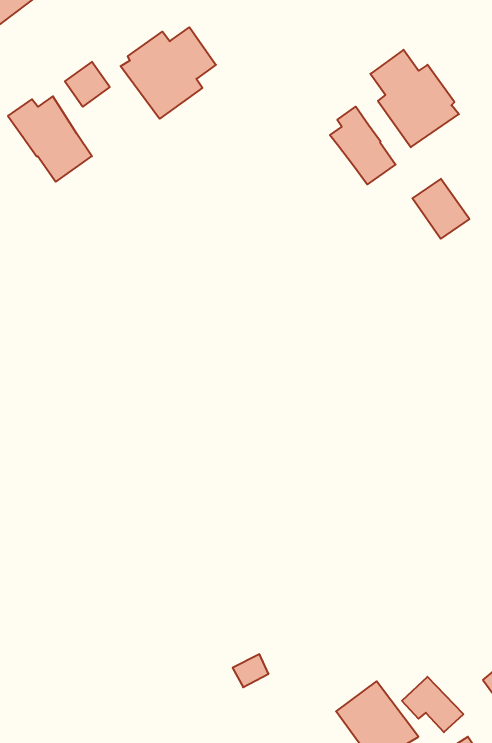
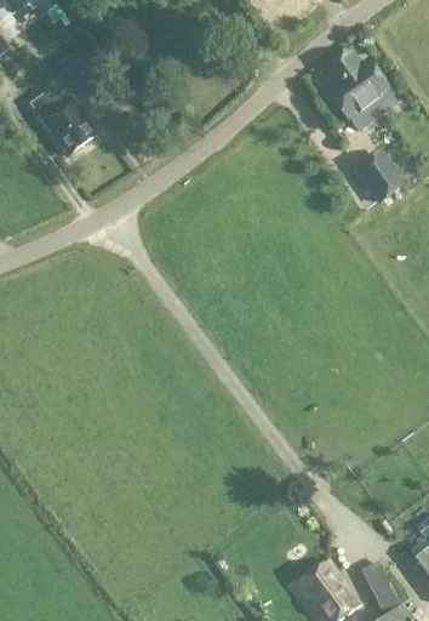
building: [121,27,216,119] -> none
building: [330,107,396,184] -> none

